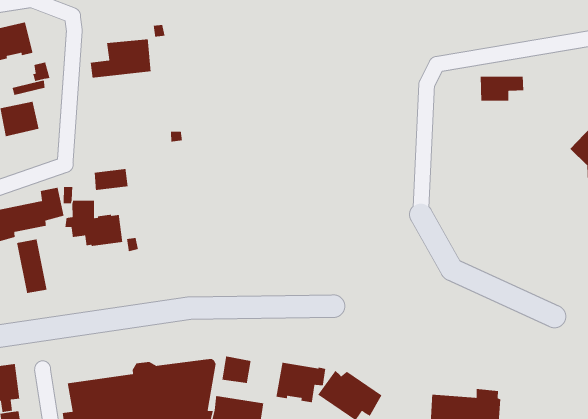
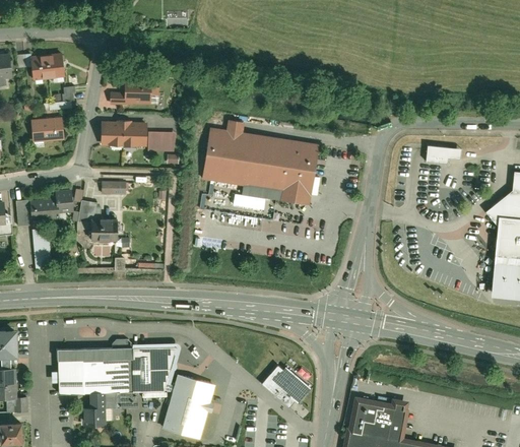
building: none -> [201,119,318,205]
building: none -> [100,120,176,153]
building: [221,355,252,384] -> none
building: [276,362,326,403] -> none

